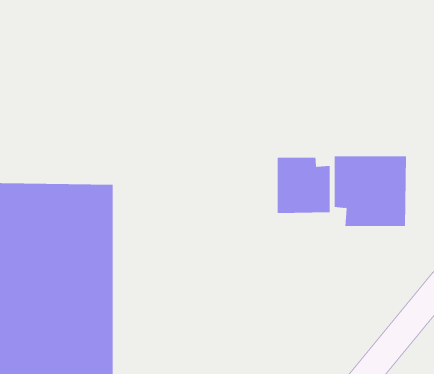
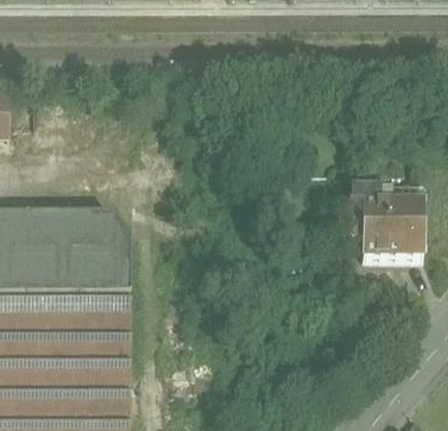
building: [277,157,330,214] -> none

